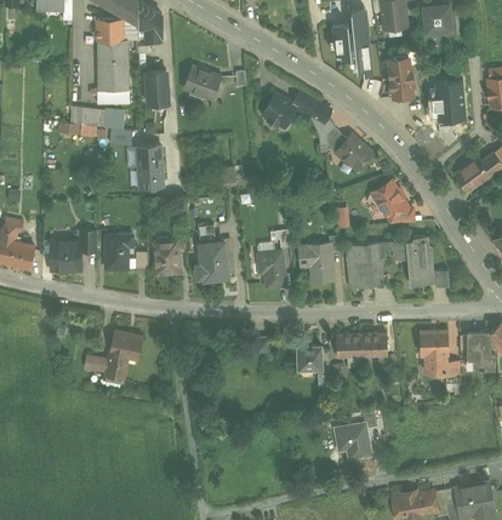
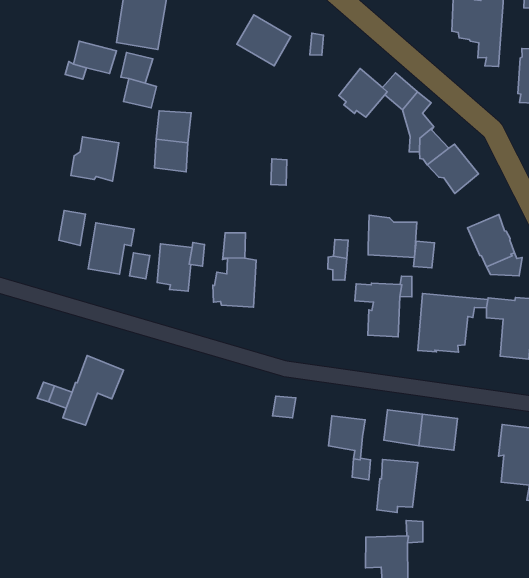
building: [146,72,167,105] -> none
building: none -> [368,215,417,257]
building: [50,241,80,270] -> [71,137,119,181]
building: [257,251,285,287] -> none
building: none -> [377,459,418,512]

